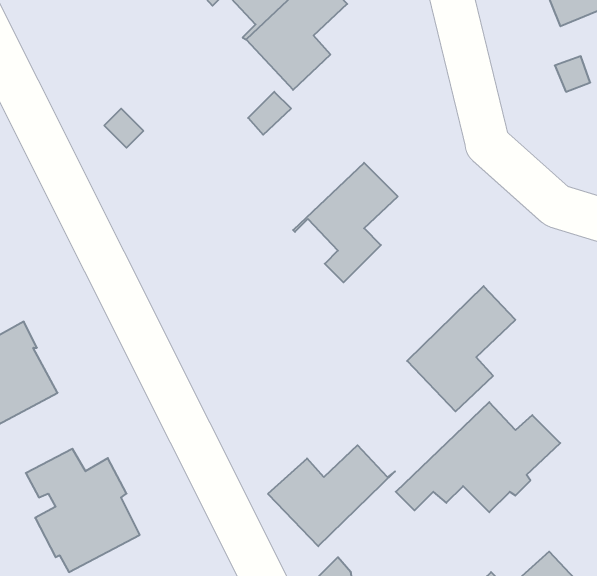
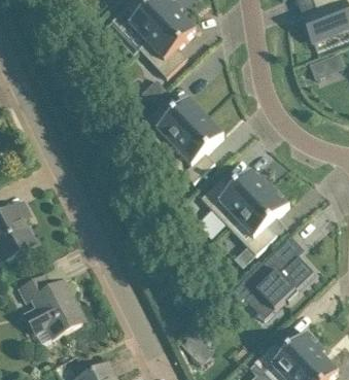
building: none -> [139,98,205,153]
building: [268,445,395,546] -> [201,170,271,226]

